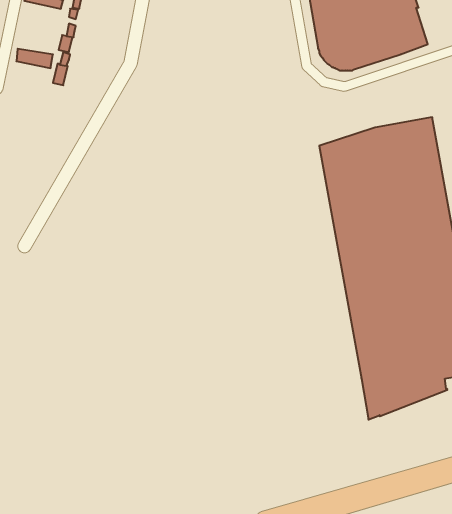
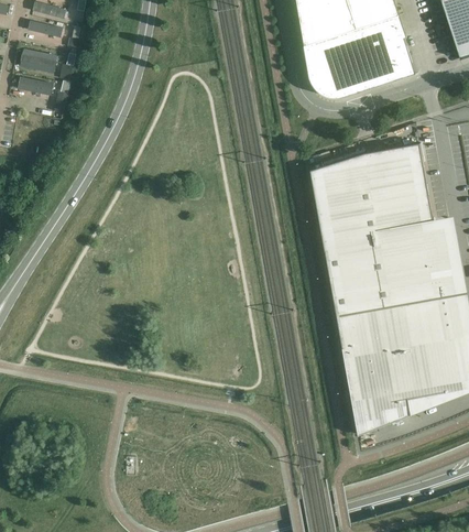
building: none -> [21,48,56,73]

